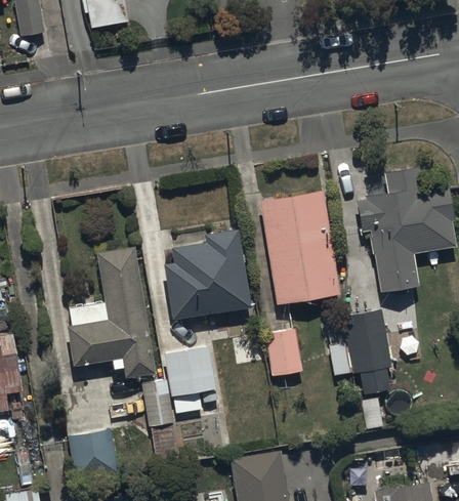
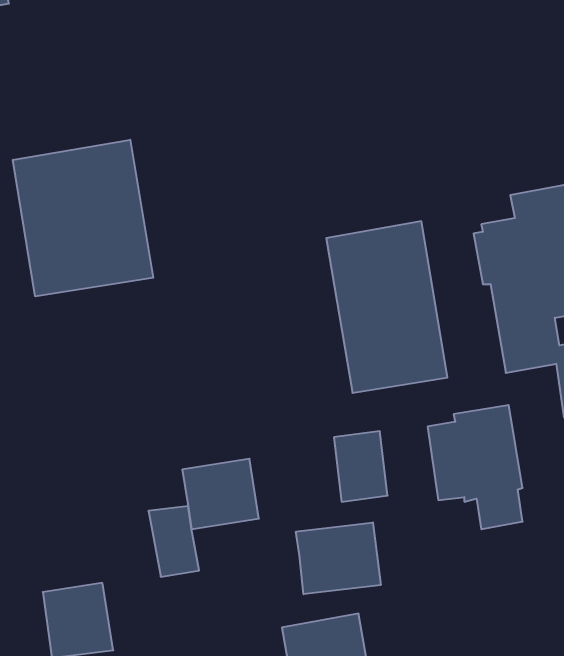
building: none -> [13,140,153,296]
building: [163,226,249,328] -> none
building: [66,243,155,377] -> none
building: none -> [296,522,381,594]

